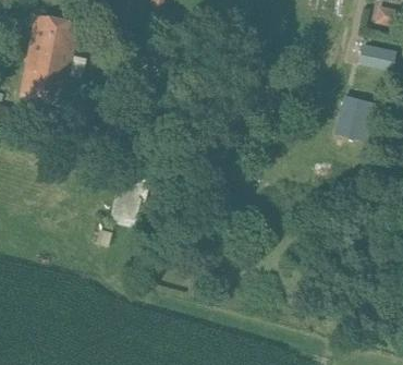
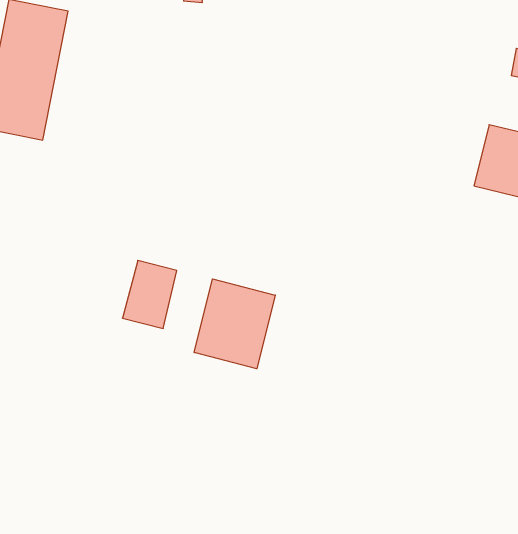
building: none -> [194,279,275,369]

